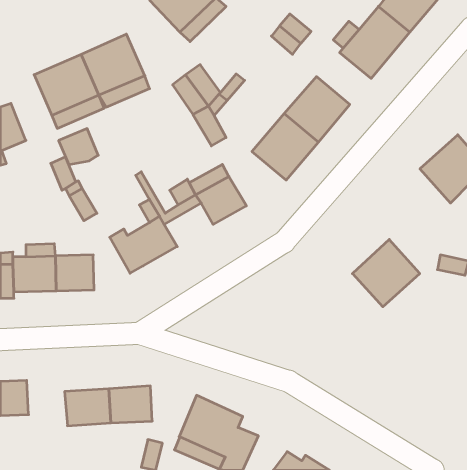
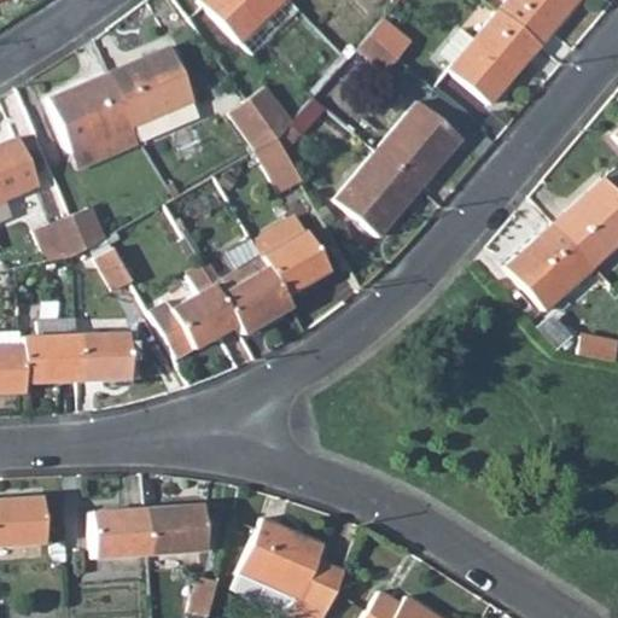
building: [59,129,98,165] -> [35,214,87,261]
building: none -> [221,266,292,332]
building: [352,239,420,307] -> [507,221,595,309]

